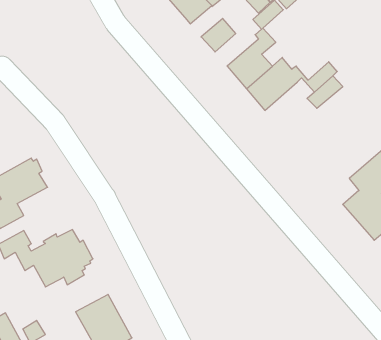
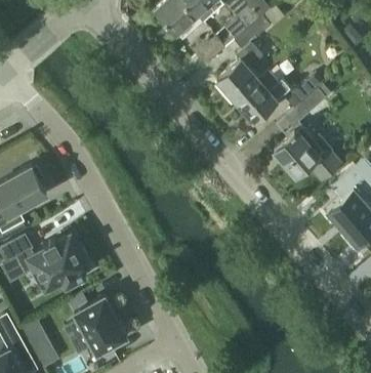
building: none -> [275,124,343,183]

